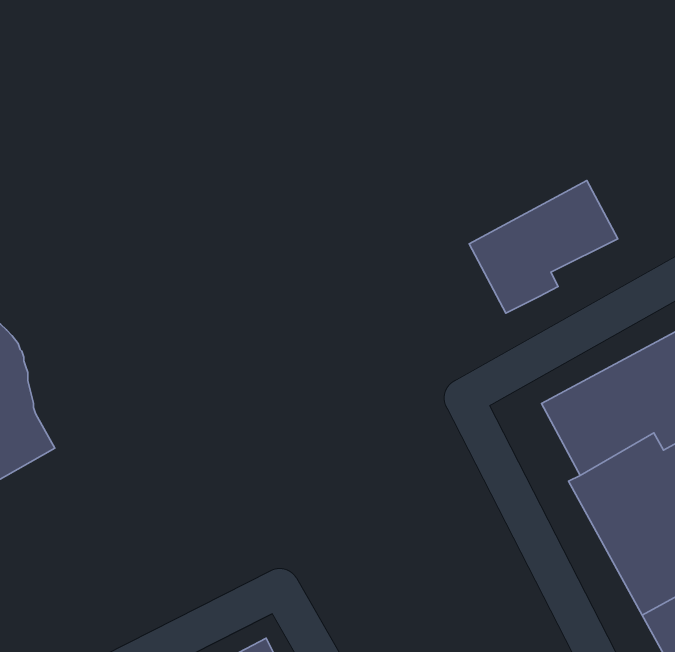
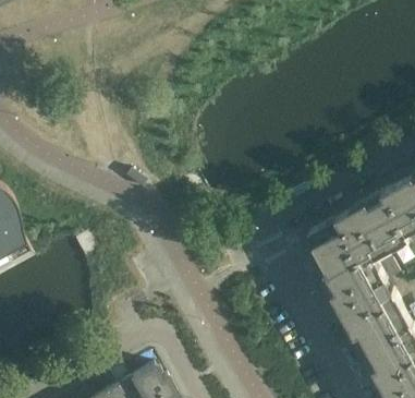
building: [469,181,618,313] -> none

